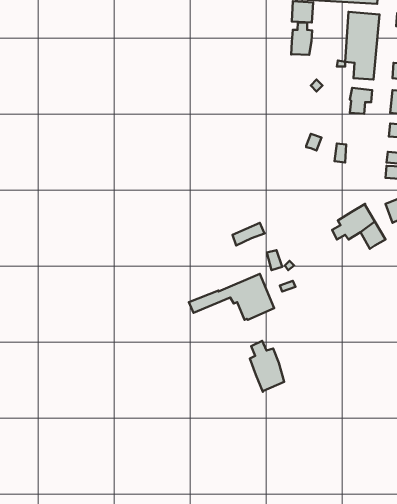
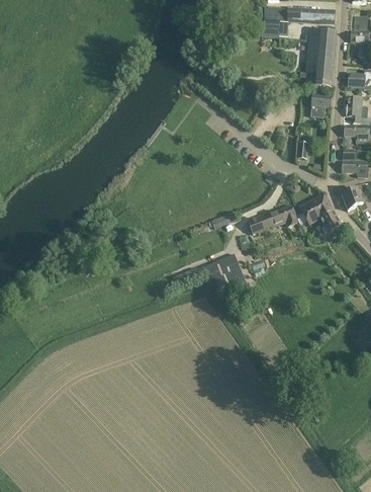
building: [291,22,312,55] -> none
building: none -> [248,204,297,232]
building: [250,341,284,392] -> none

